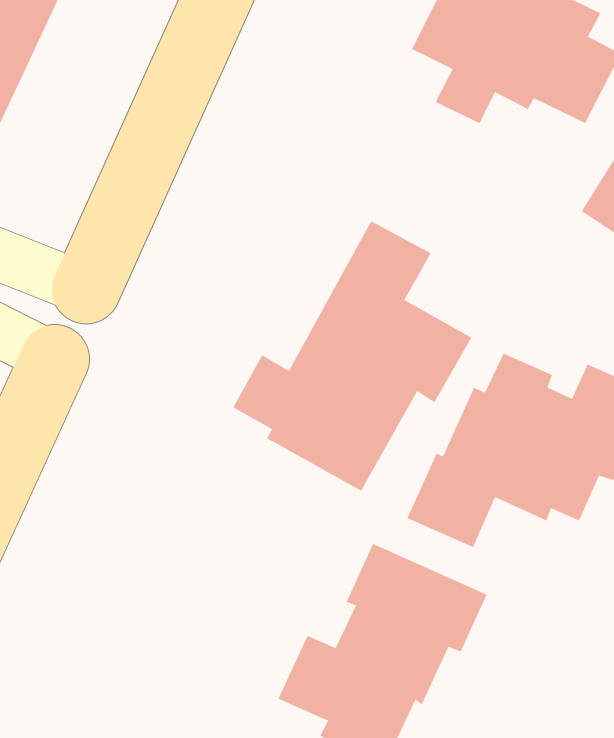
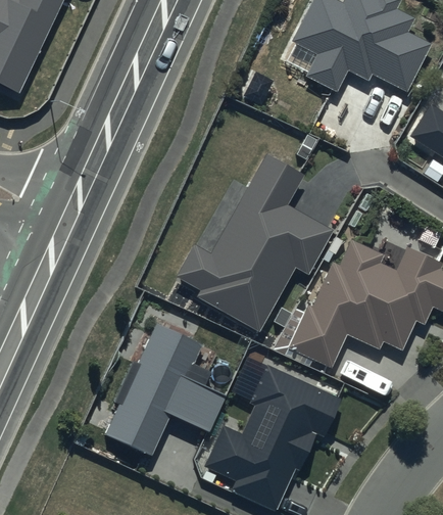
building: none -> [106,322,226,457]

